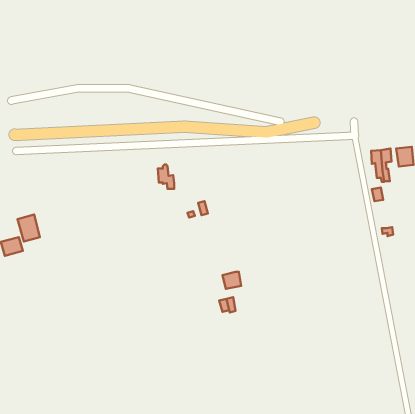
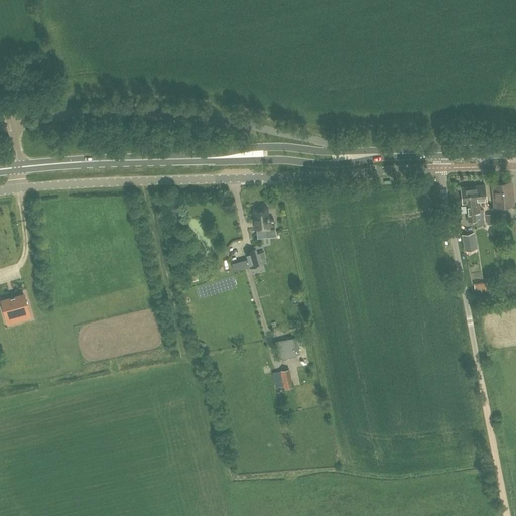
building: [158,165,174,189] -> [254,207,274,237]
building: [18,215,40,241] -> none

